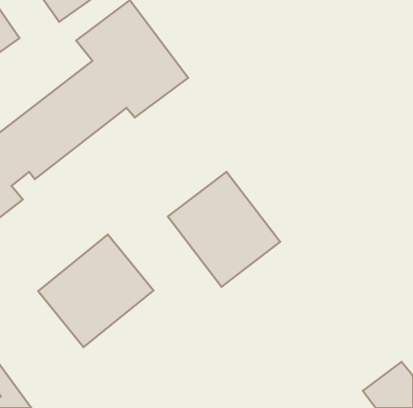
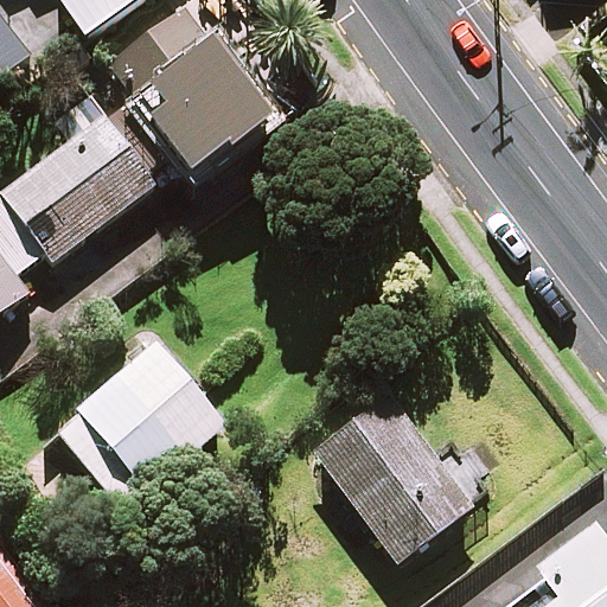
building: [168,172,280,287] -> none
building: none -> [313,395,471,561]

